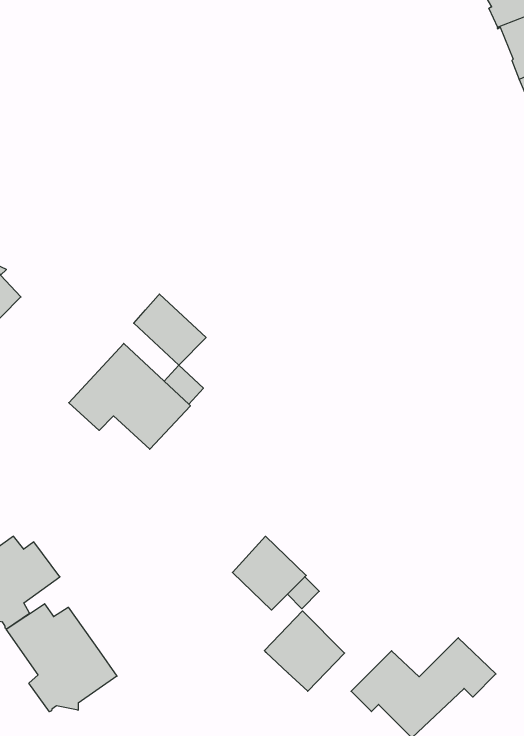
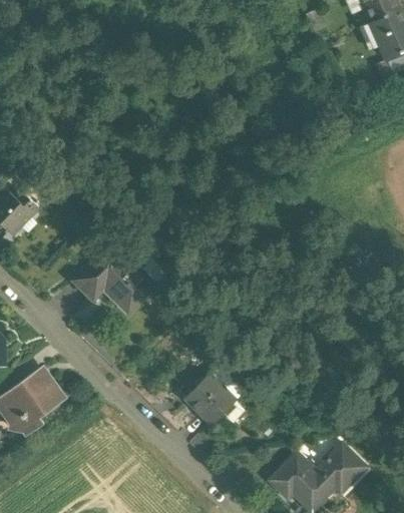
building: [134,294,206,365] -> none
building: [6,604,117,712] -> none
building: [264,611,345,691] -> none

